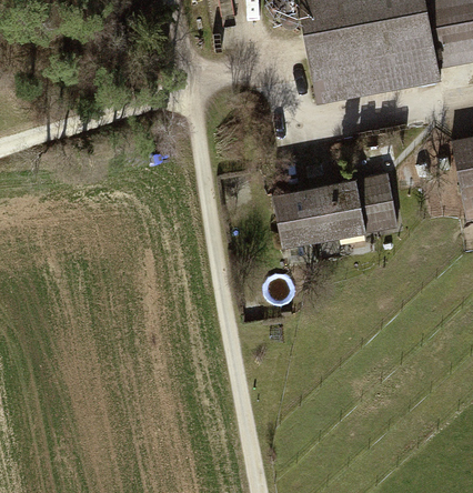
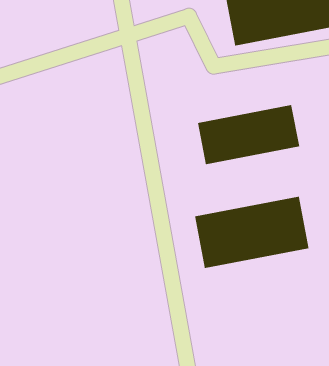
building: none -> [195,196,309,269]

